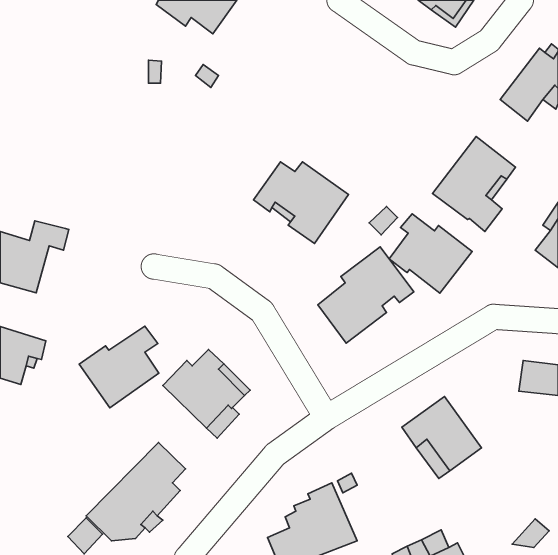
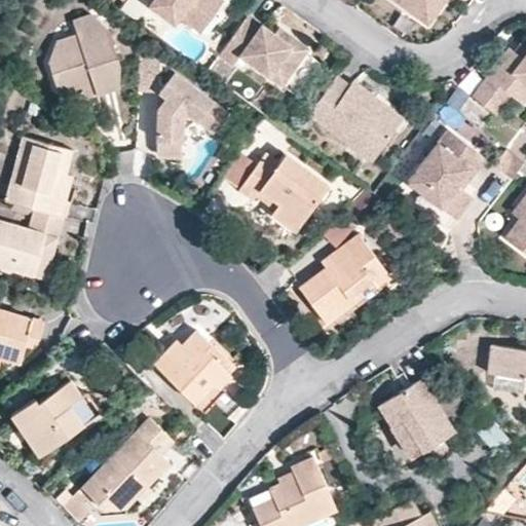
building: none -> [48,15,119,100]
building: none -> [218,15,309,89]
building: none -> [156,64,228,160]
building: none -> [308,78,403,162]
building: none -> [4,138,74,218]
building: [389,214,472,293] -> none
building: [79,326,159,408] -> [9,381,84,458]

